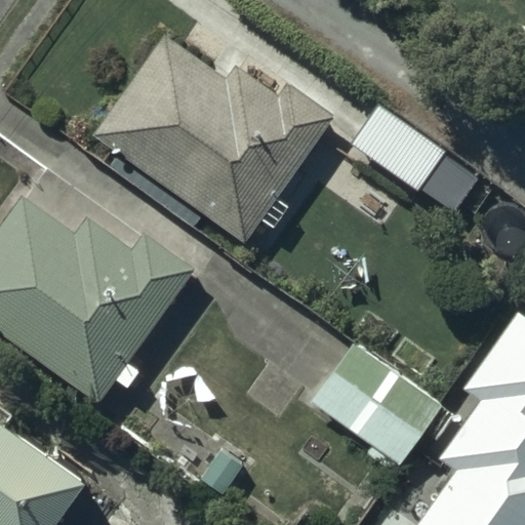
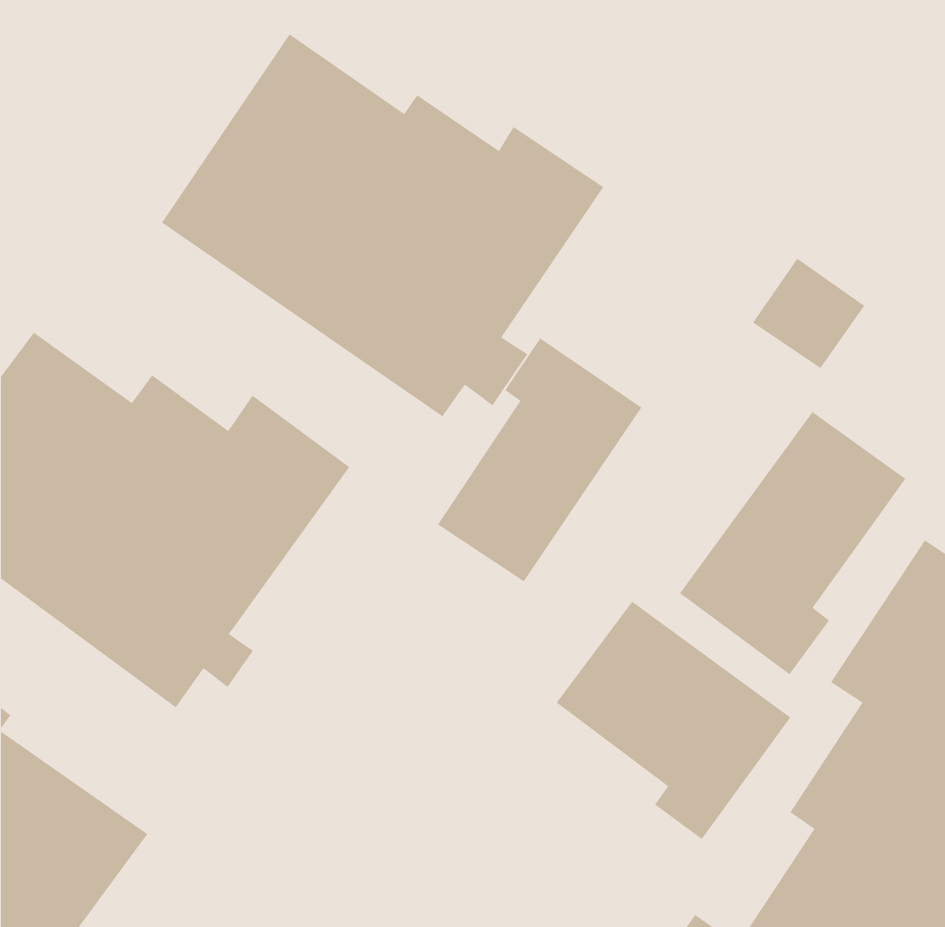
building: none -> [437,338,642,582]
building: none -> [679,411,906,675]

